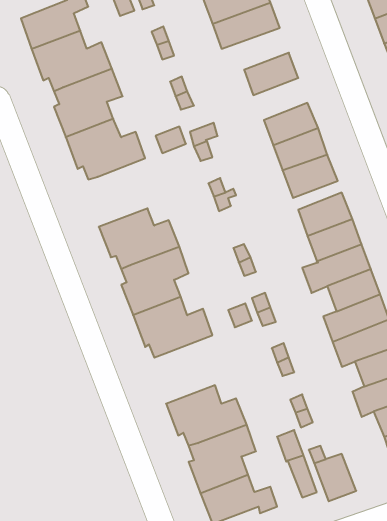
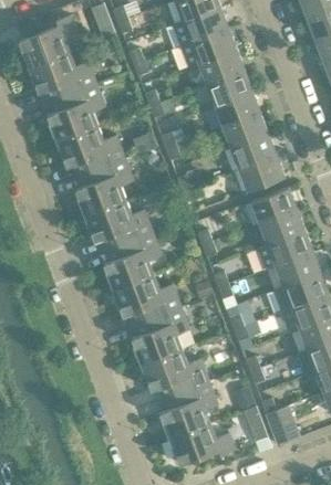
building: none -> [187,49,244,84]
building: none -> [214,91,259,126]
building: none -> [74,158,132,215]
building: none -> [131,306,188,363]

